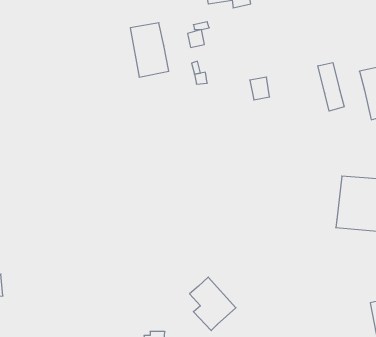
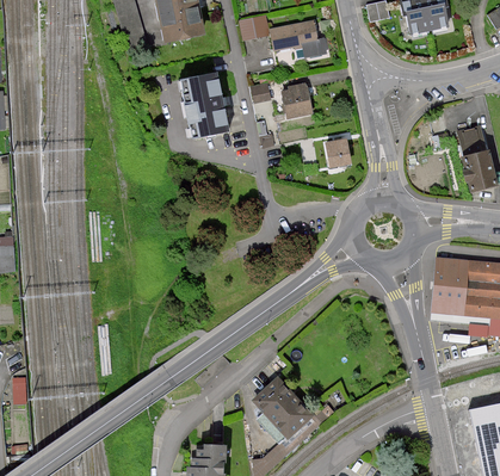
building: none -> [282,82,311,117]
building: [318,63,344,111] -> none

